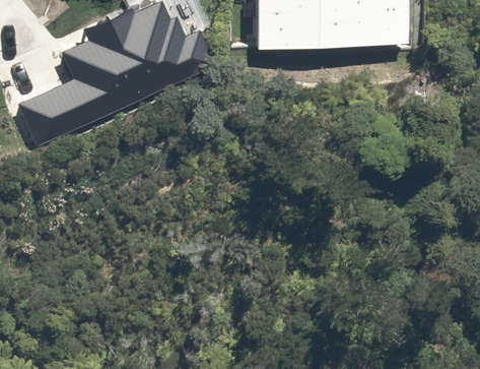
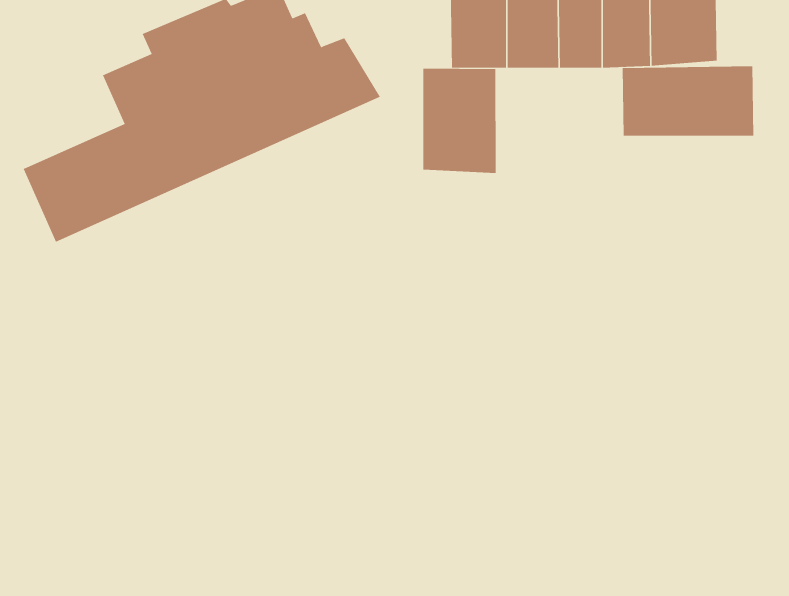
building: none -> [622,65,754,137]
building: none -> [423,68,496,174]

